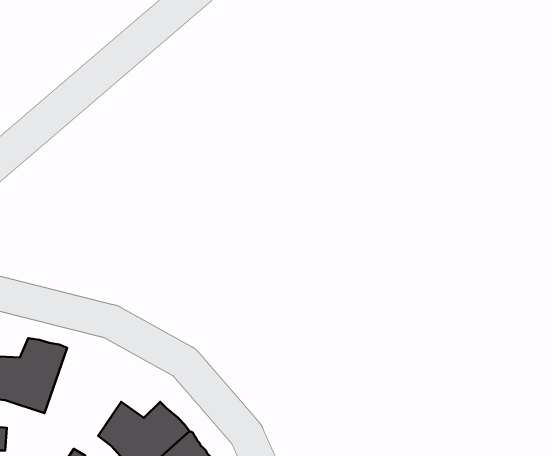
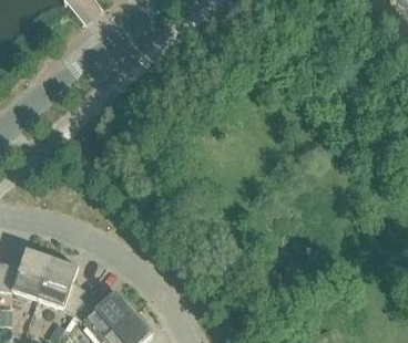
building: none -> [37,256,89,315]

